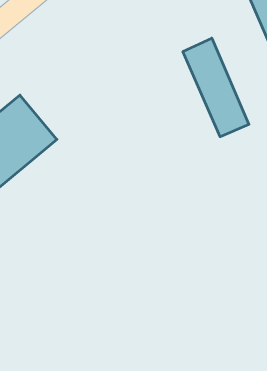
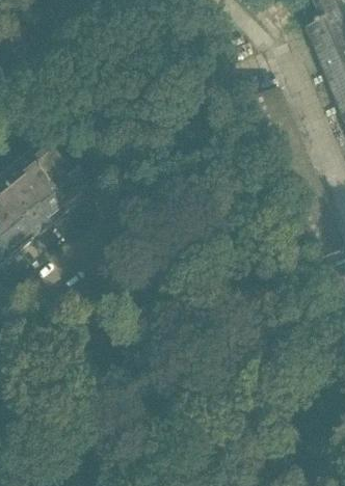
building: [183,38,249,137] -> none

